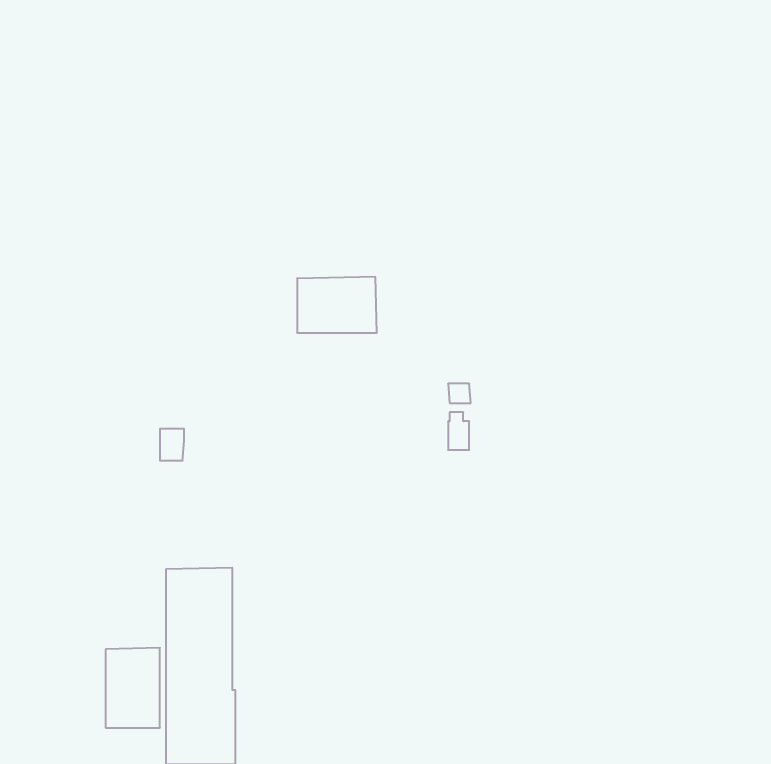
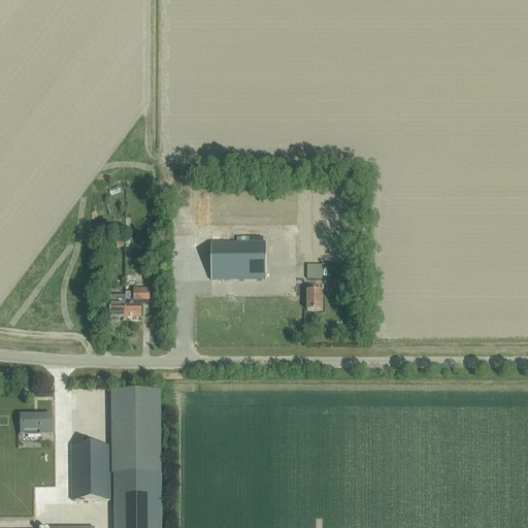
building: [297,277,377,333] -> [211,239,266,277]
building: none -> [125,286,150,315]
building: none -> [22,412,52,431]

